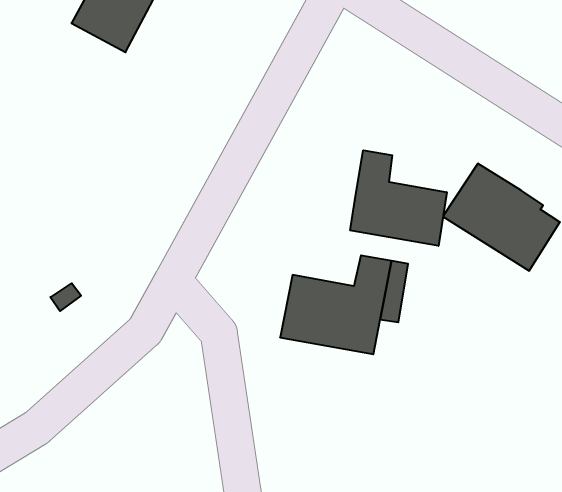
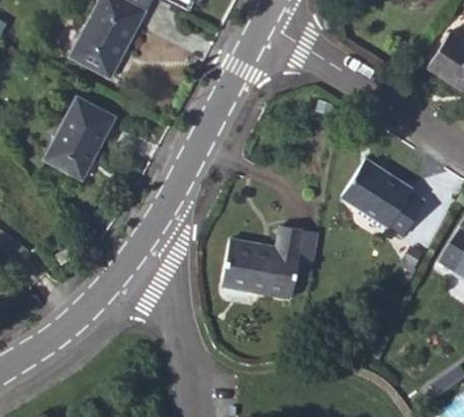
building: none -> [45,97,115,178]
building: [350,150,447,246] -> none

